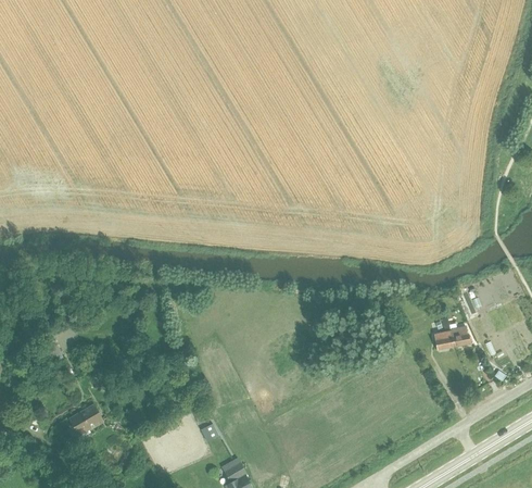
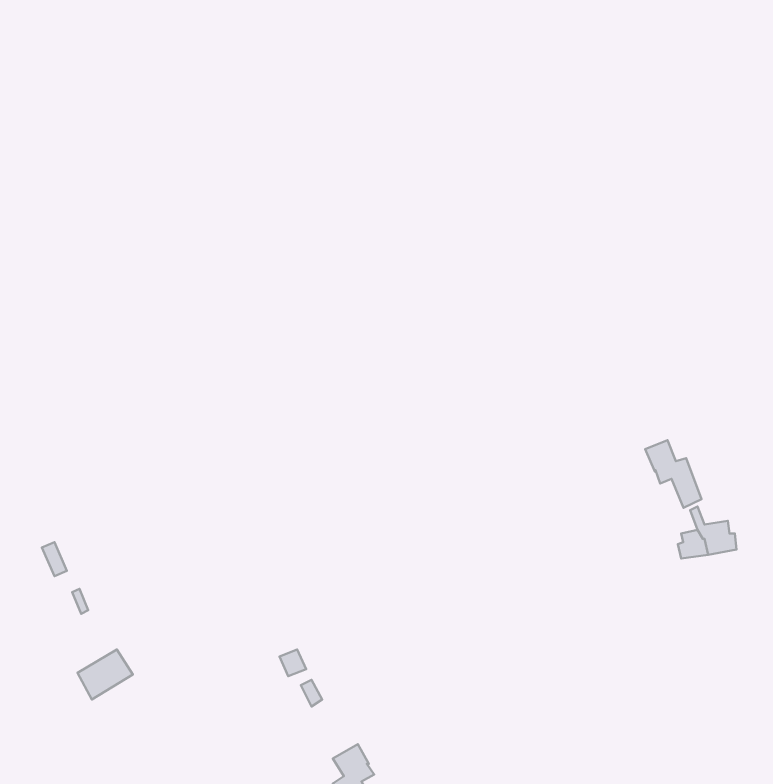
building: none -> [645,440,701,508]

